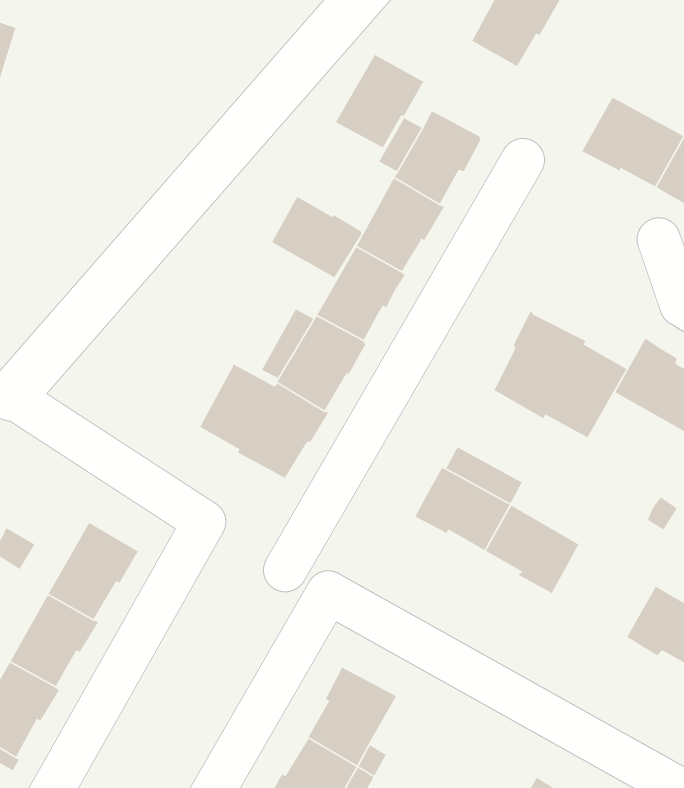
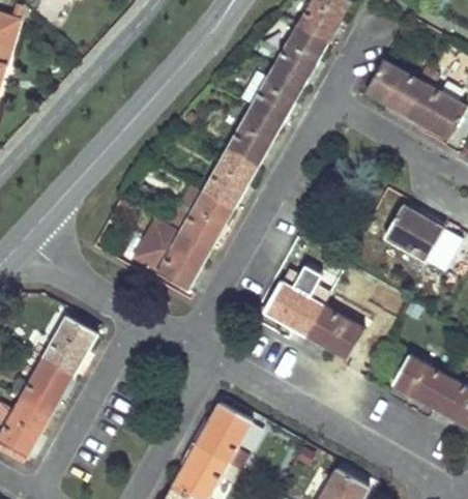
building: [335,54,424,148] -> [272,27,326,84]
building: [271,196,362,278] -> none
building: [494,309,627,439] -> none

